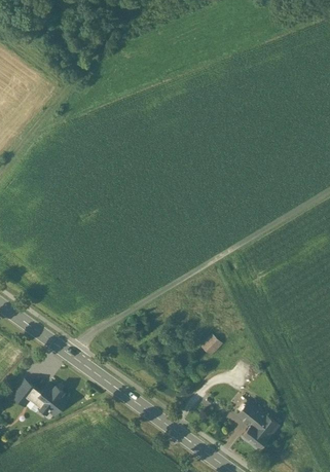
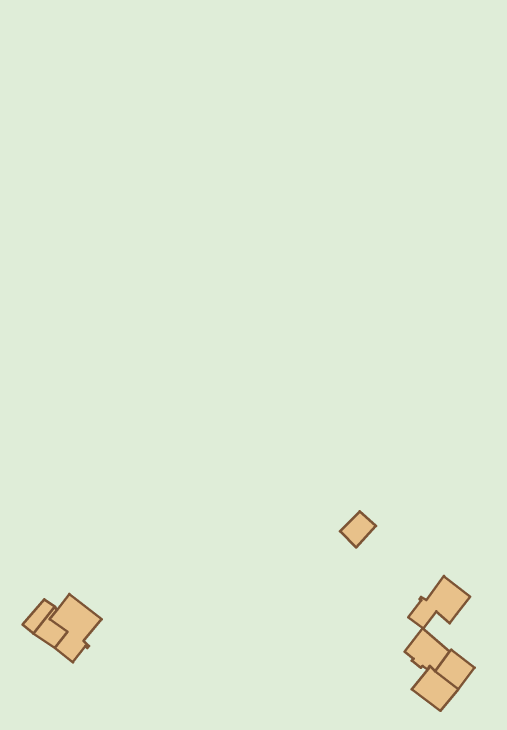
building: none -> [408,576,470,629]

